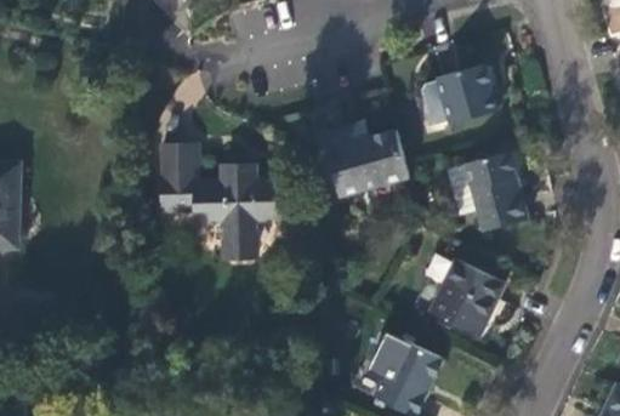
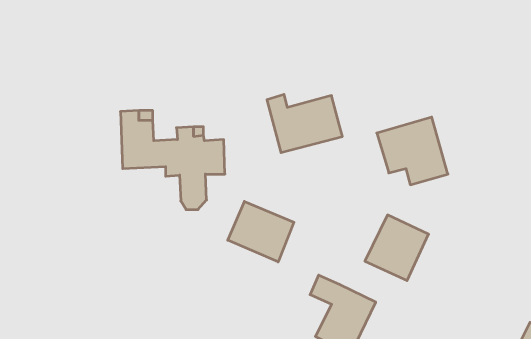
building: [421,65,494,122] -> none
building: none -> [228,201,294,262]

